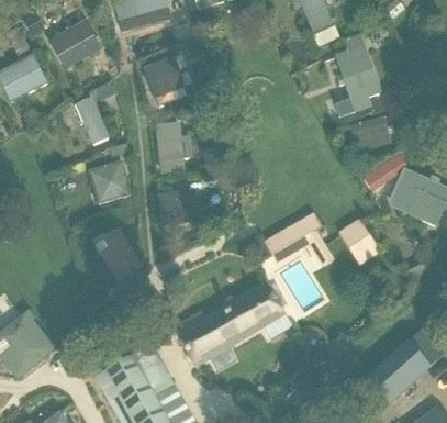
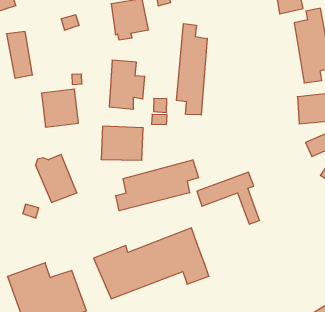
building: none -> [177,24,207,115]
building: [75,96,109,145] -> [6,32,33,78]
building: none -> [116,160,199,211]
building: [337,215,380,263] -> none

